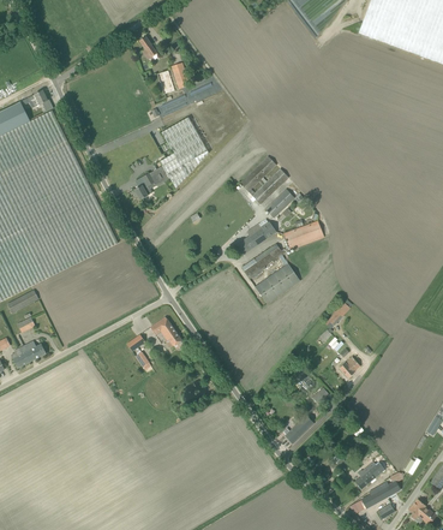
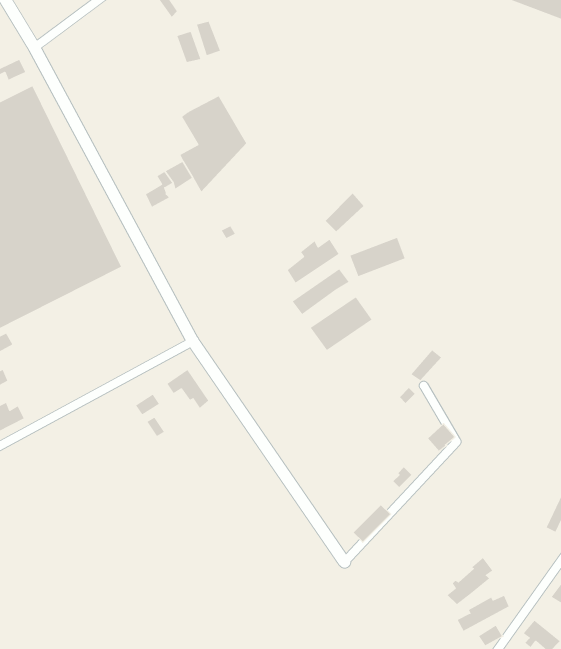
building: [239,155,287,203] -> none

